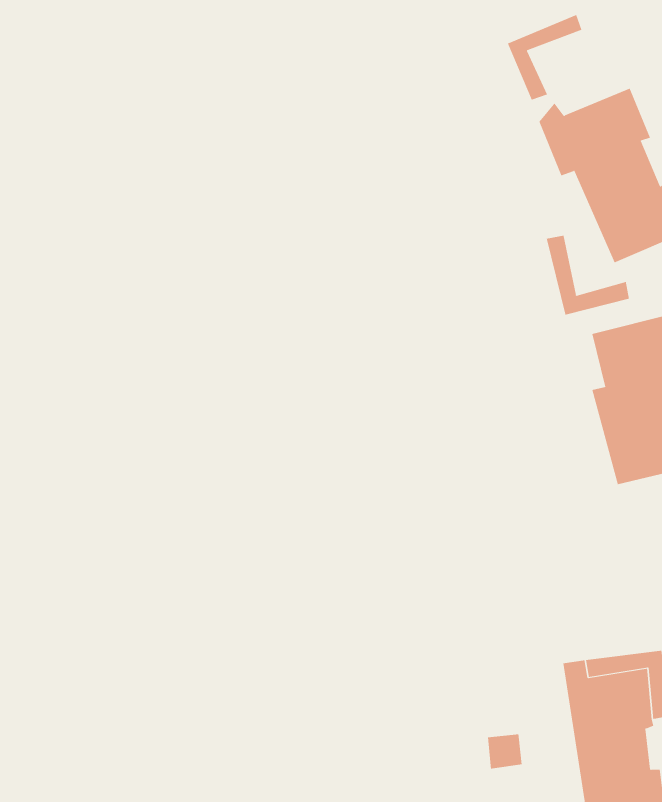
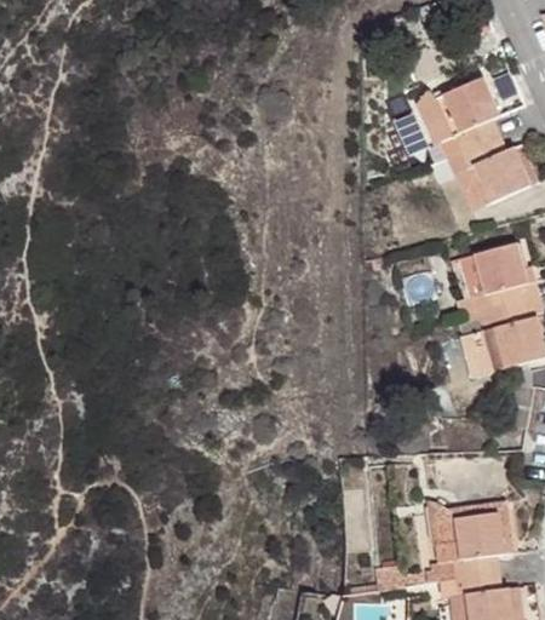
building: [507,14,582,101] -> none
building: [546,235,630,315] -> none

